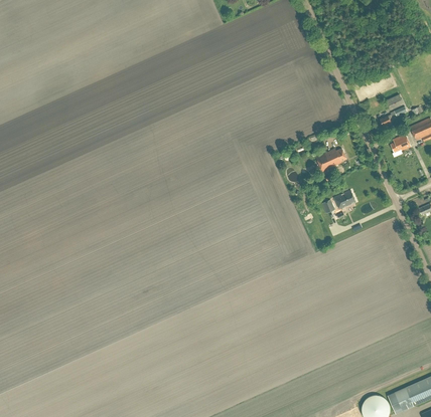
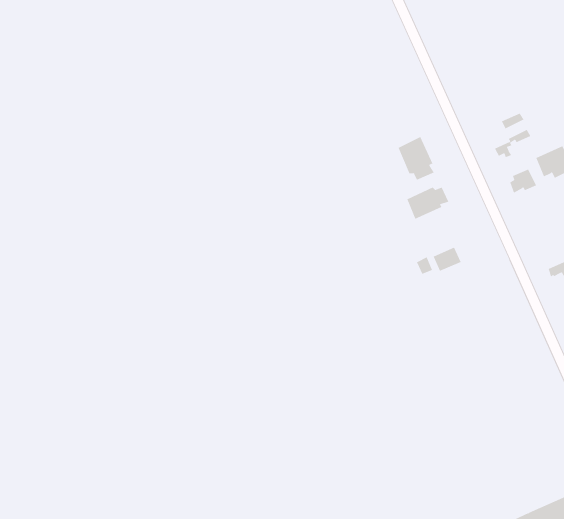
building: none -> [398,136,434,181]

